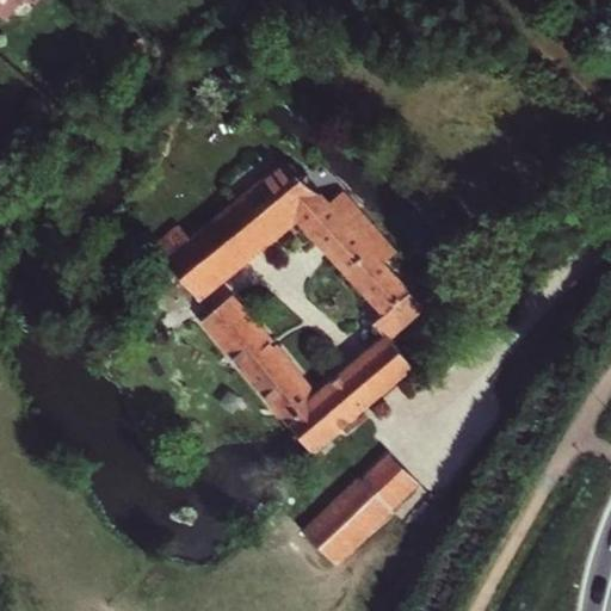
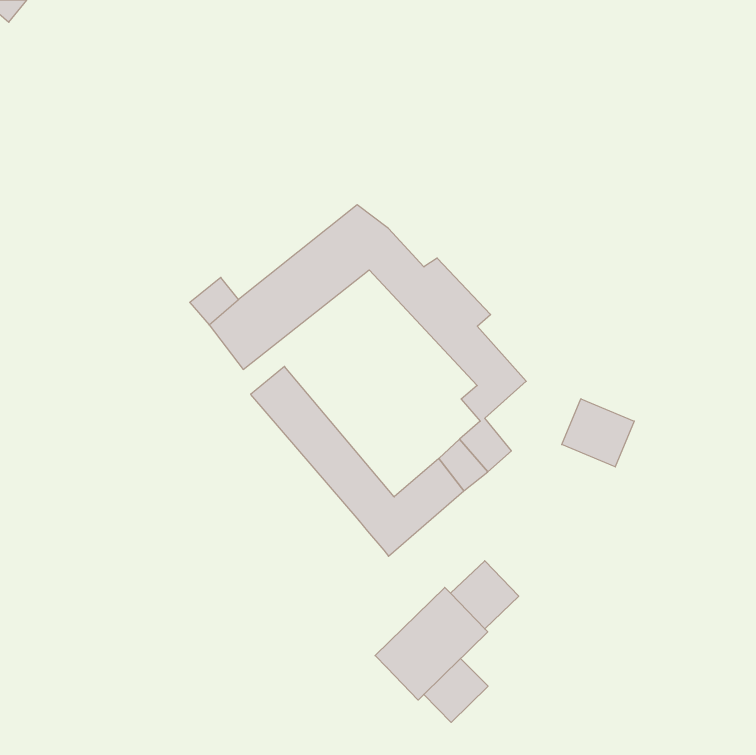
building: none -> [562,399,634,467]
building: none -> [424,658,488,722]

